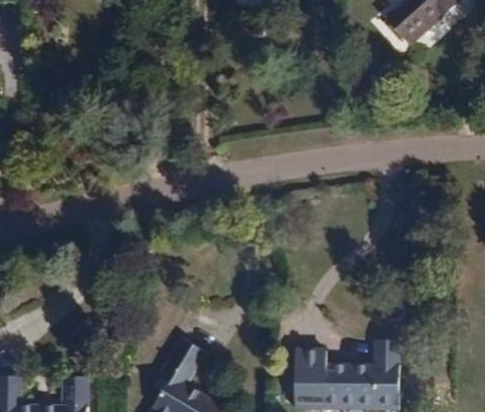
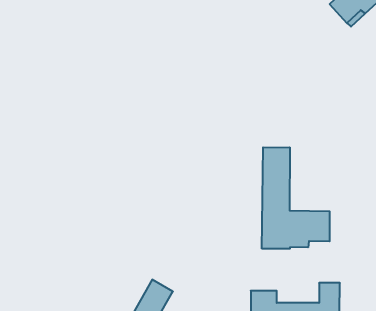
building: none -> [262,147,330,249]

